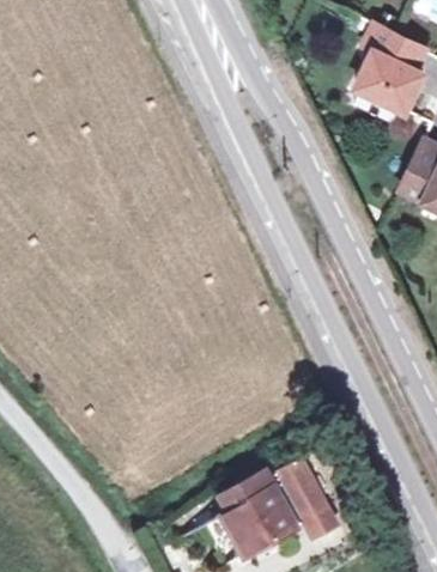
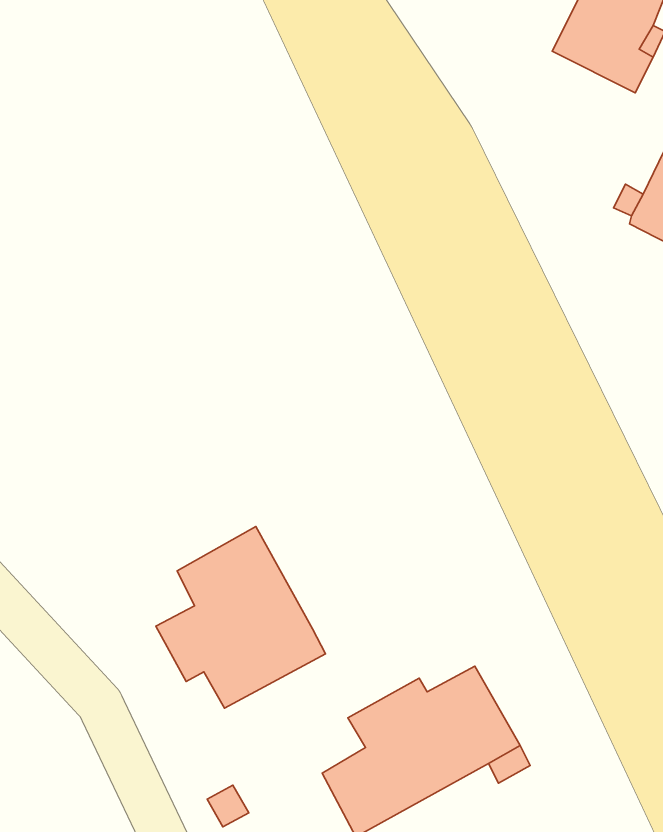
building: none -> [156,526,326,708]

